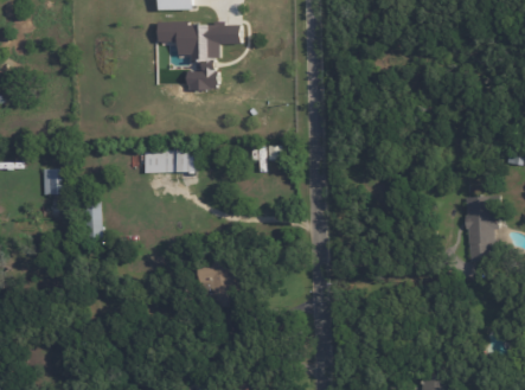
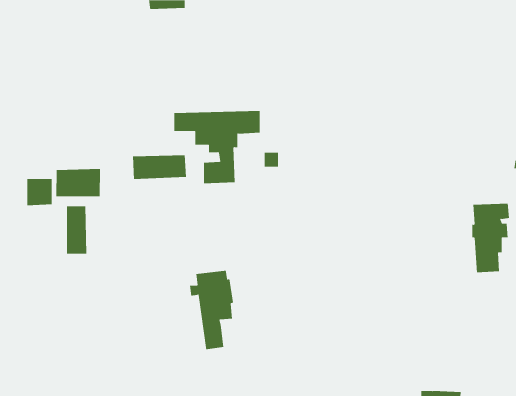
building: [156,21,239,91] -> [173,111,260,184]
building: none -> [56,168,100,197]

